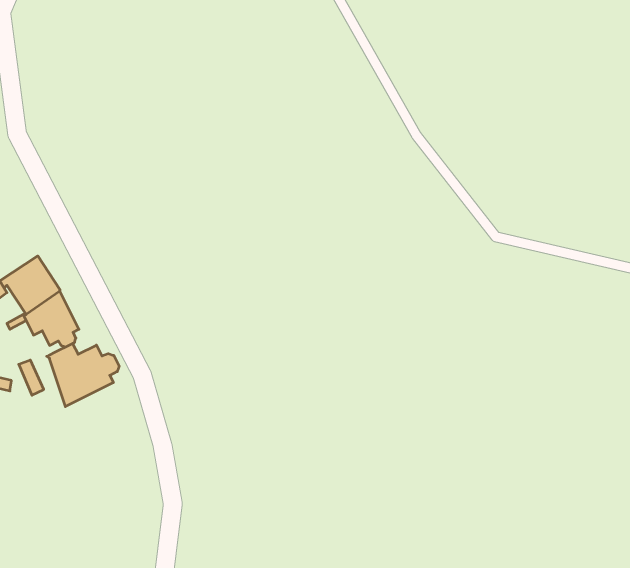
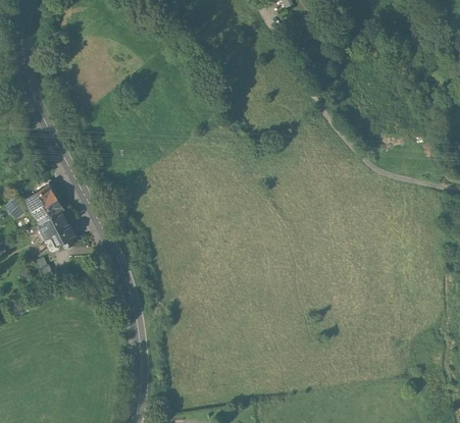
building: [47,343,119,407] -> none

